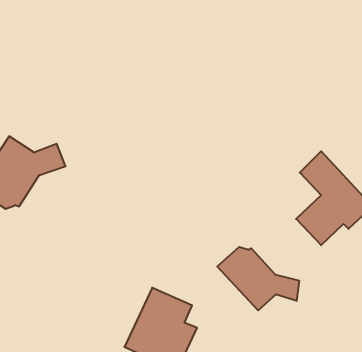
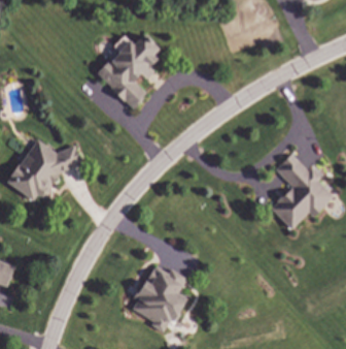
building: none -> [96,33,162,108]
building: [217,247,299,310] -> none

